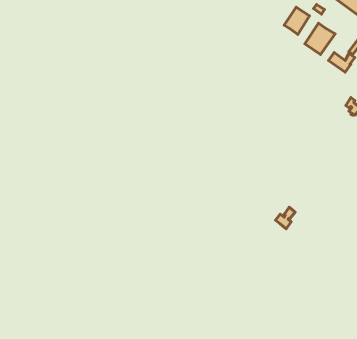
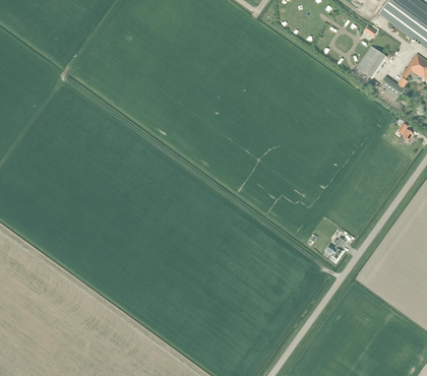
building: [284,7,309,35] -> none

